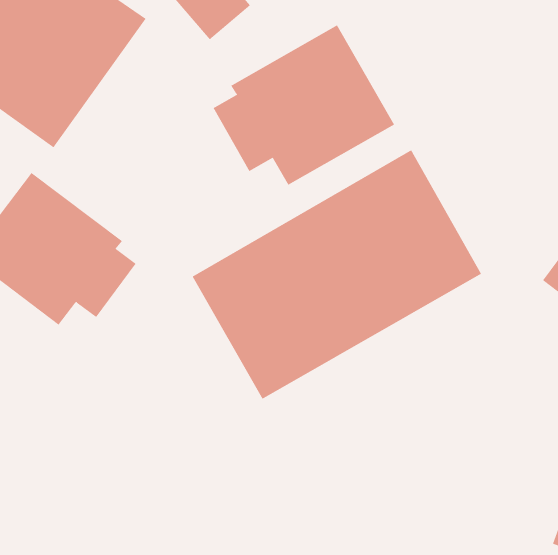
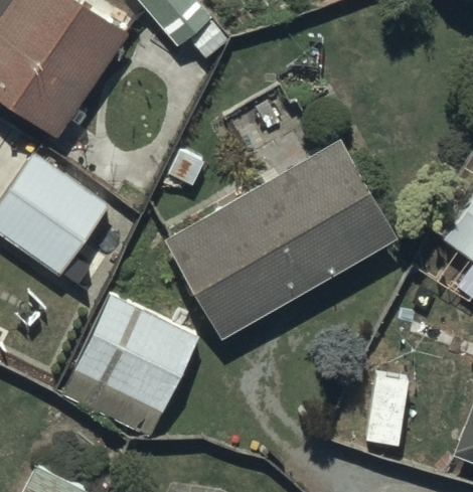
building: [213,24,395,186] -> none
building: none -> [60,294,198,441]

